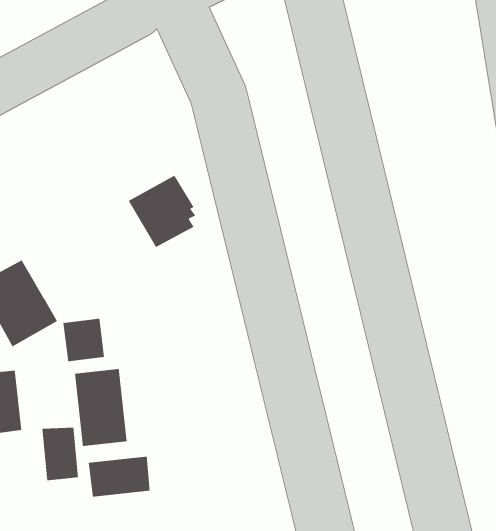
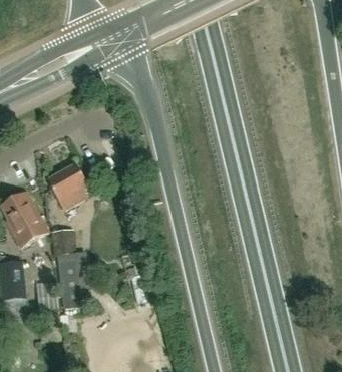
building: [128,175,196,248] -> [45,163,87,209]
building: [88,456,150,497] -> none

